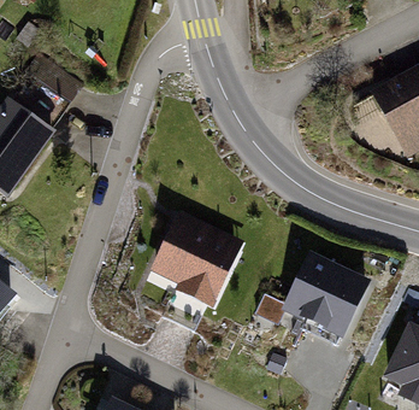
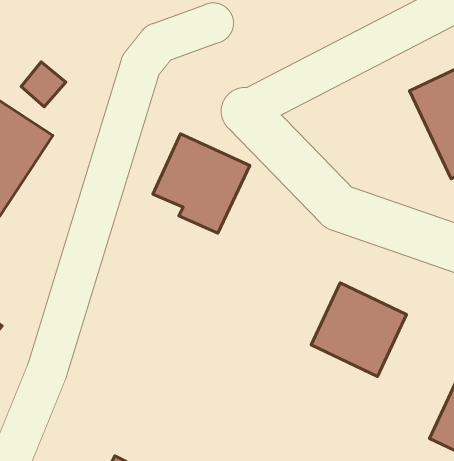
building: [152,215,232,298] -> [153,134,250,233]

